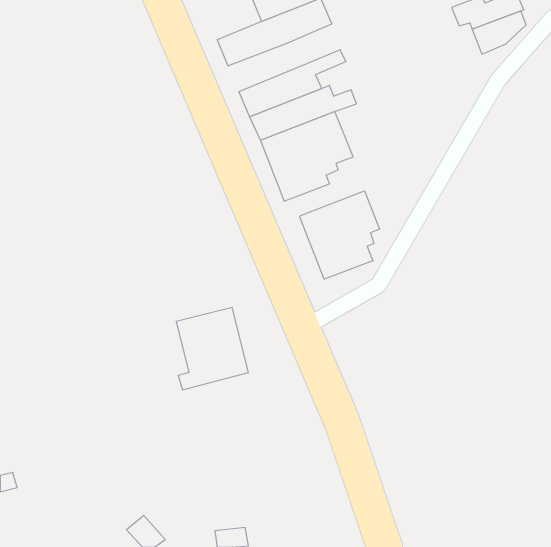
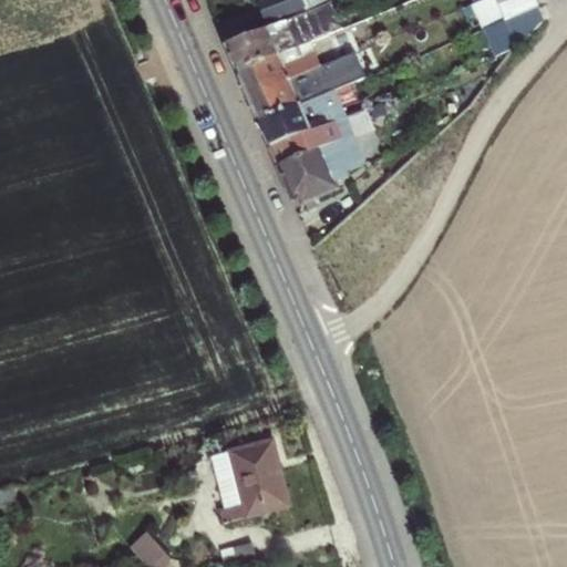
building: none -> [235,43,321,94]
building: [300,191,380,279] -> none
building: [176,308,248,390] -> [216,435,290,519]

